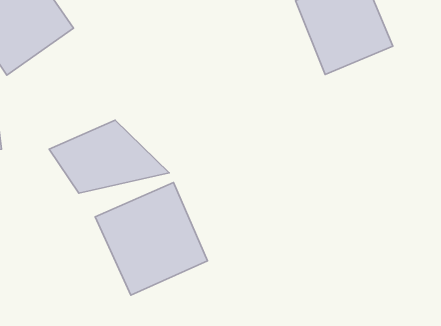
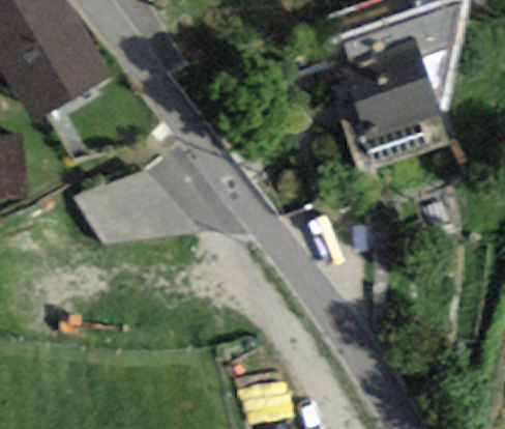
building: [95,182,207,295] -> none

